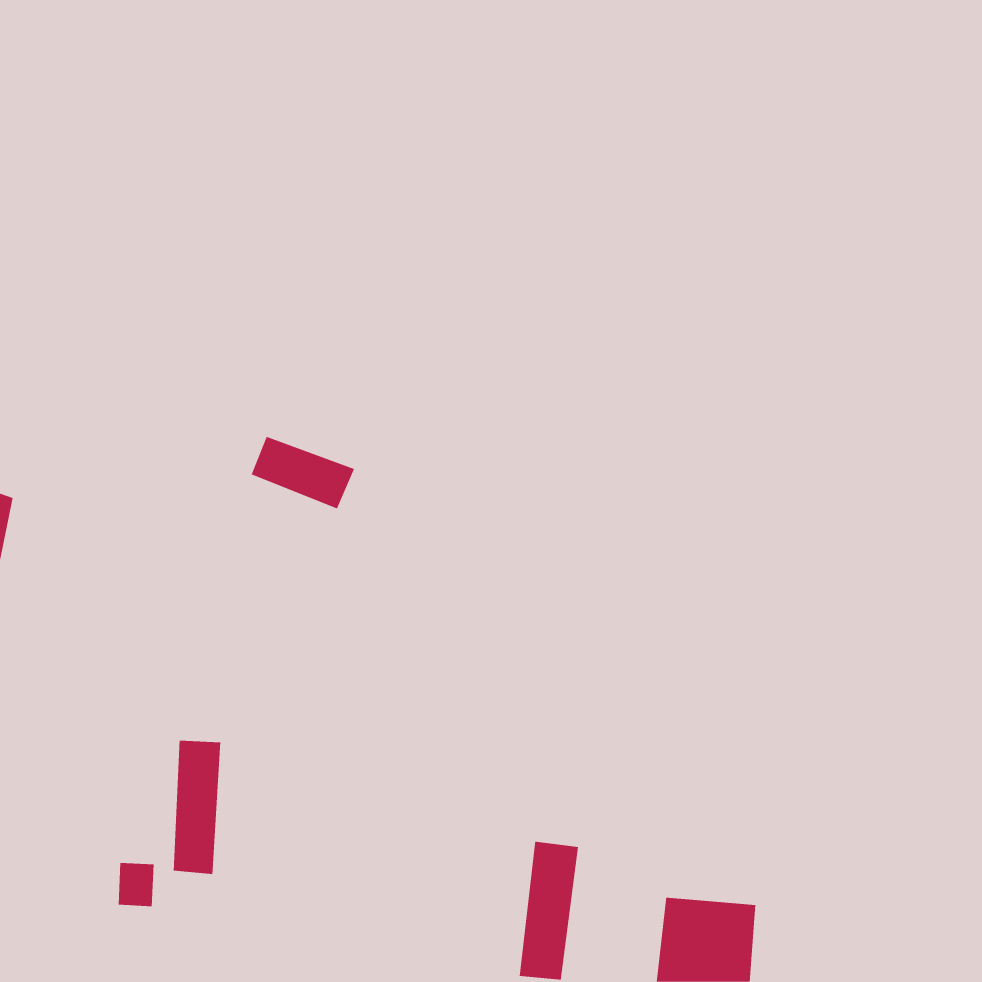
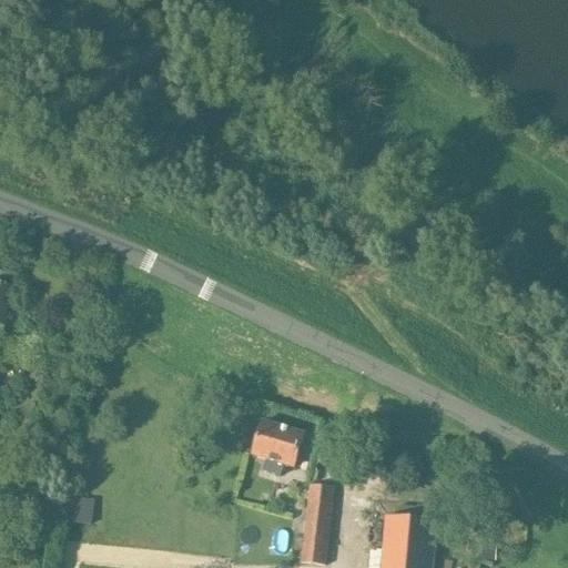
building: none -> [250,420,302,476]
building: [173,740,221,875] -> none

